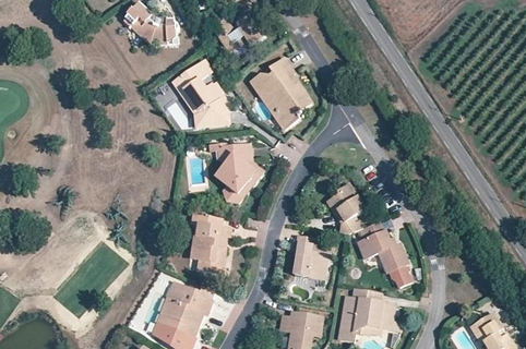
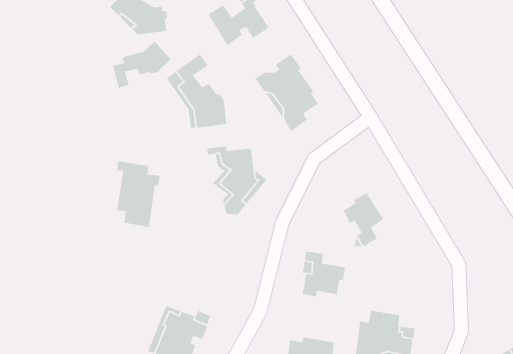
building: none -> [112,41,172,89]
building: [189,210,228,270] -> [116,160,160,228]
building: [356,220,410,286] -> none

